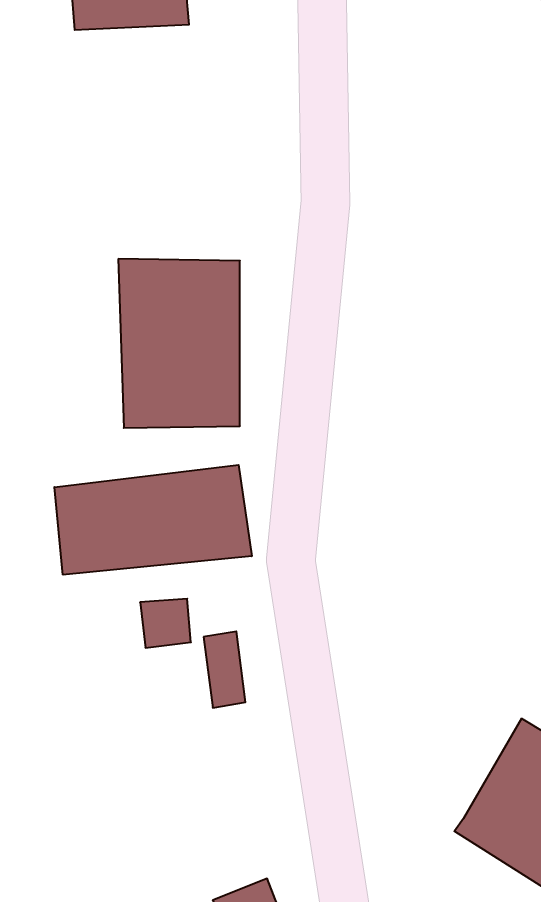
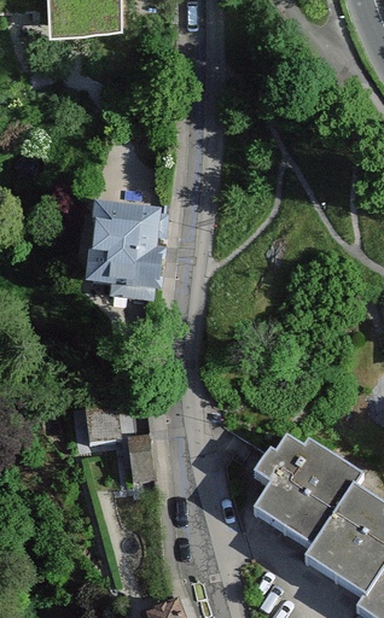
building: [54,465,252,575] -> none
building: none -> [239,436,355,553]

